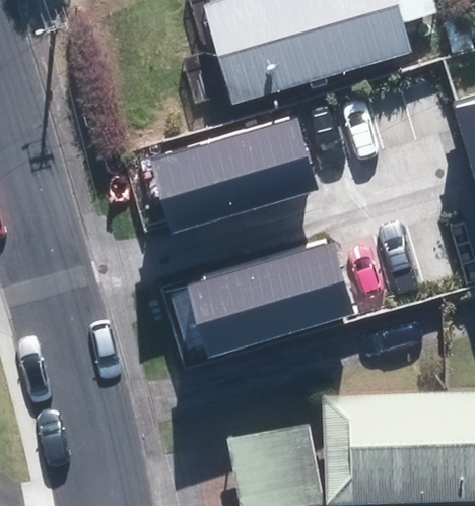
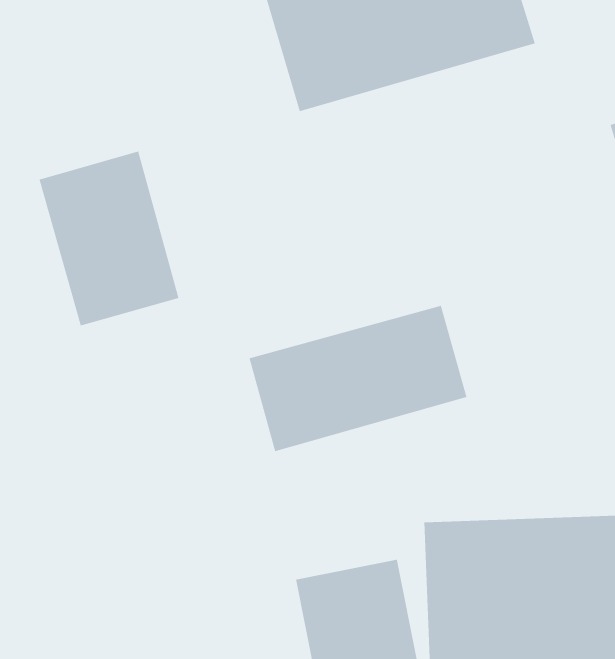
building: [156,118,319,229] -> none
building: none -> [38,151,179,326]

